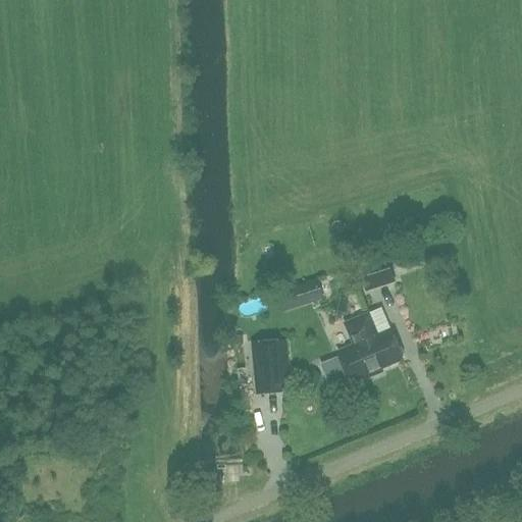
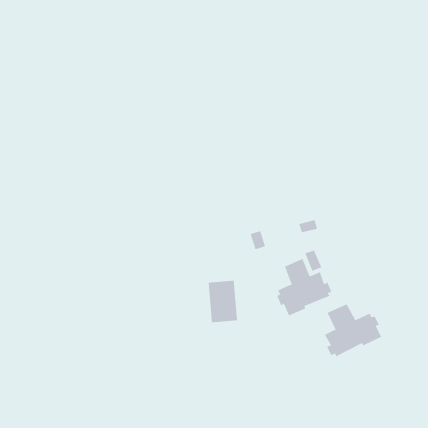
building: none -> [324,303,382,357]

